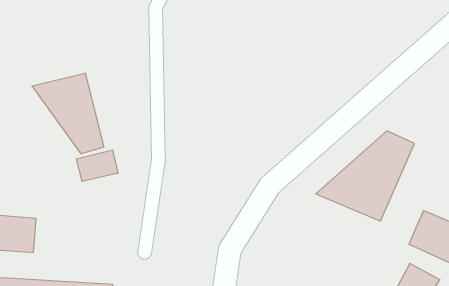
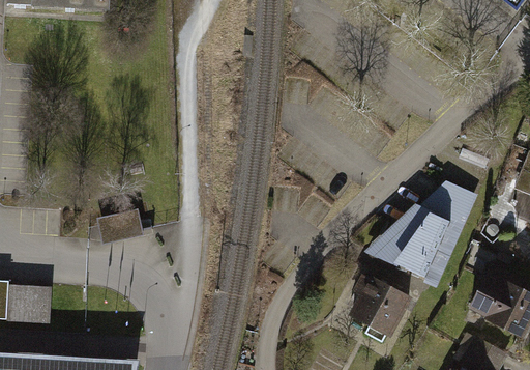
building: [32,73,104,154] -> none
building: none -> [351,279,413,339]

